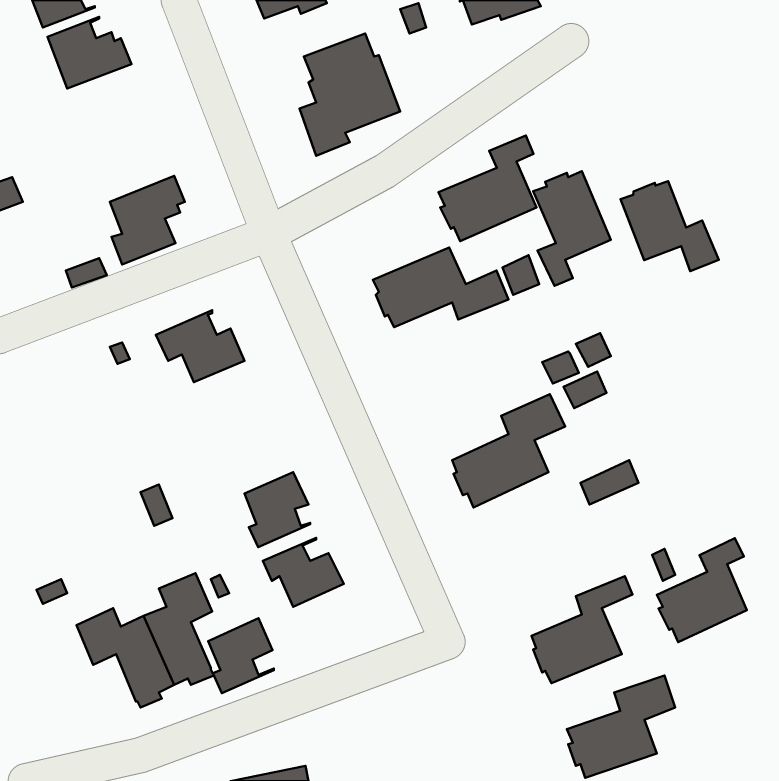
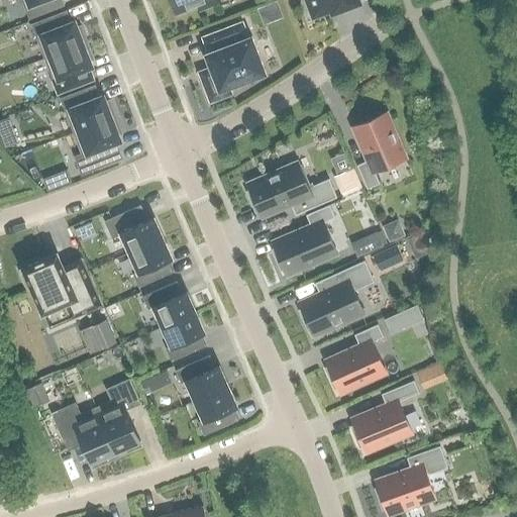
building: none -> [44,42,93,93]
building: none -> [60,86,115,133]
building: [439,136,536,241] -> [272,205,336,275]
building: [620,181,719,271] -> none
building: none -> [128,238,172,288]
building: none -> [20,253,96,318]
building: none -> [141,282,194,326]
building: [657,538,747,642] -> [325,324,385,393]
building: [208,618,274,693] -> [194,386,237,435]

